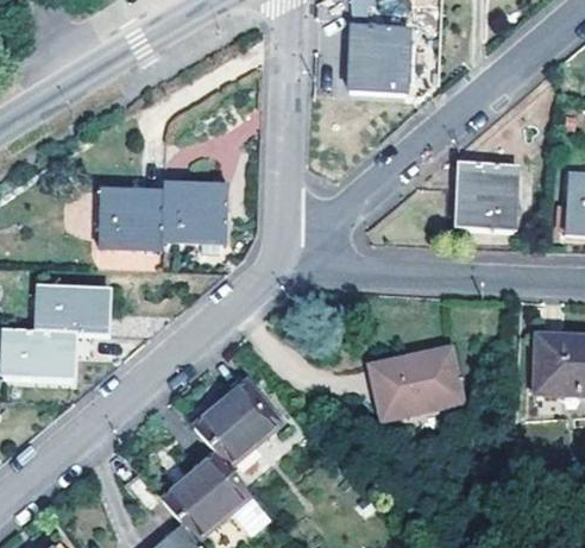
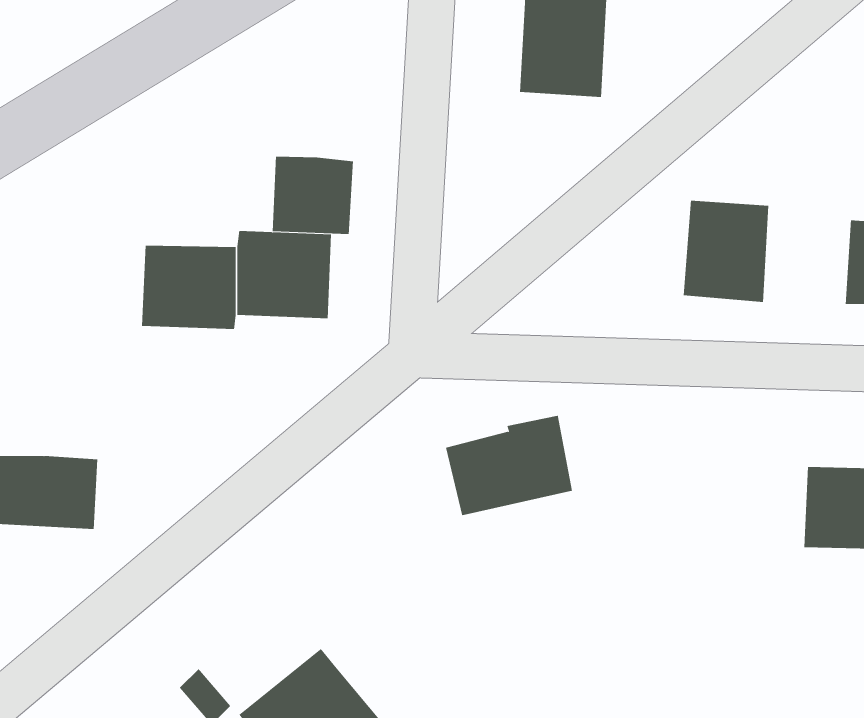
building: none -> [272,156,354,235]
building: [34,282,106,333] -> none
building: [371,352,455,418] -> [445,415,573,516]
building: [195,385,281,470] -> none

